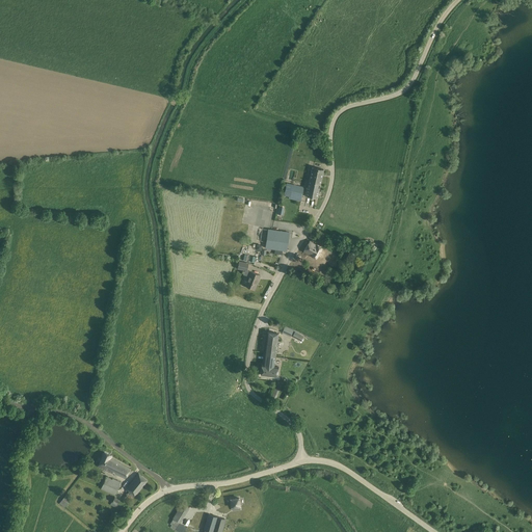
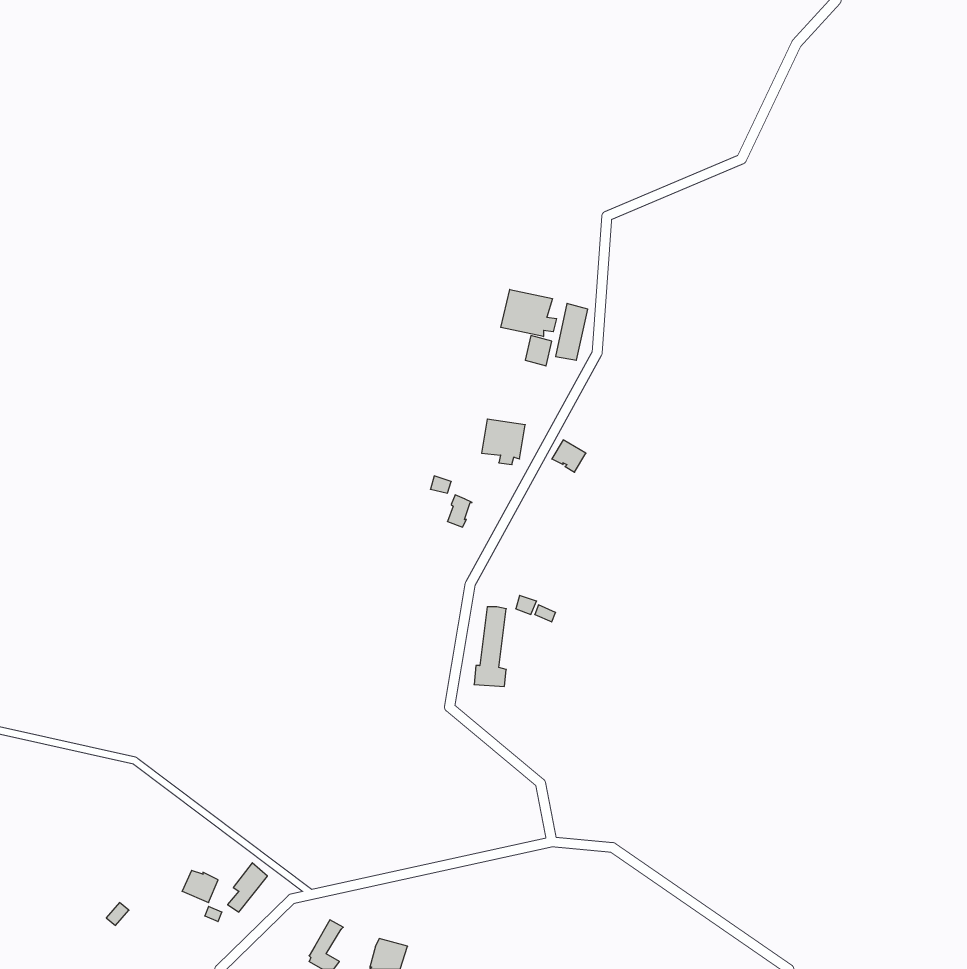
building: none -> [501,289,557,337]
building: [99,452,130,478] -> none

